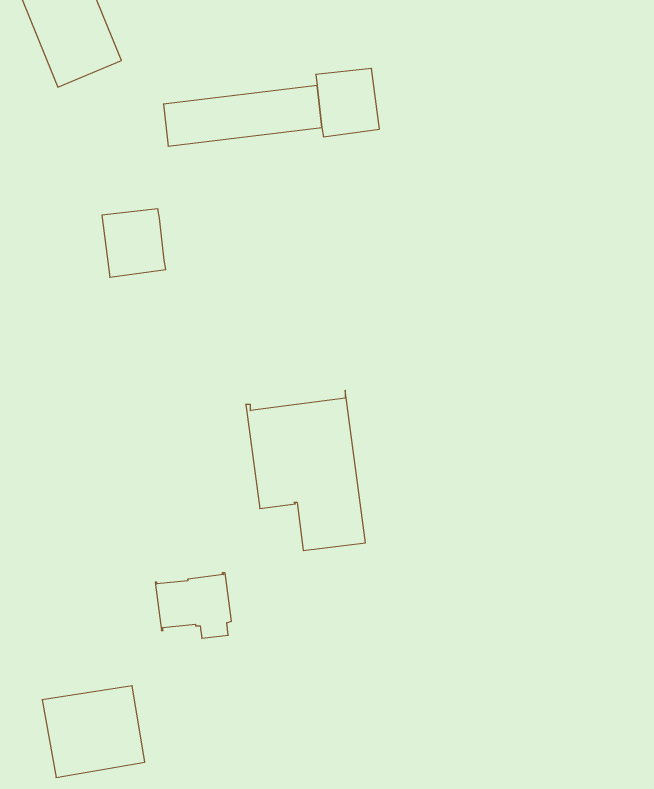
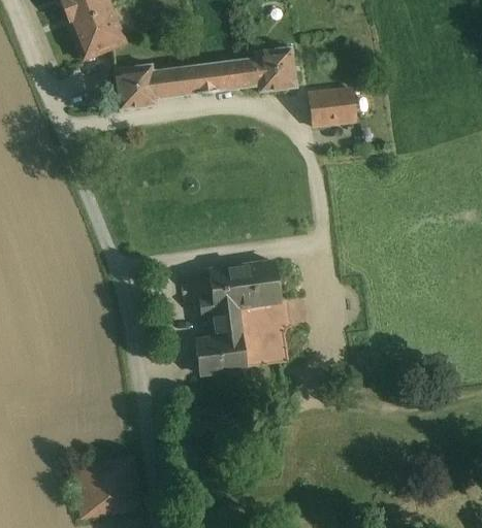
building: none -> [309,87,354,123]
building: [102,209,166,277] -> [115,63,157,108]
building: [155,573,231,638] -> [195,333,246,376]

